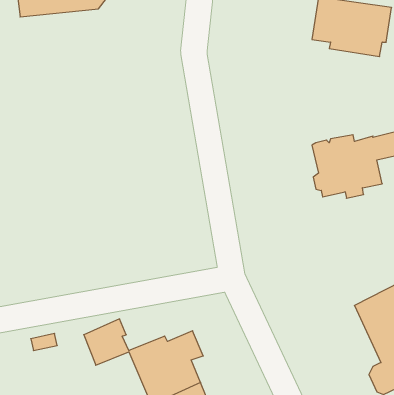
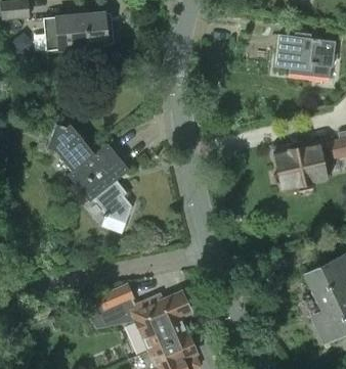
building: none -> [46,123,132,223]

